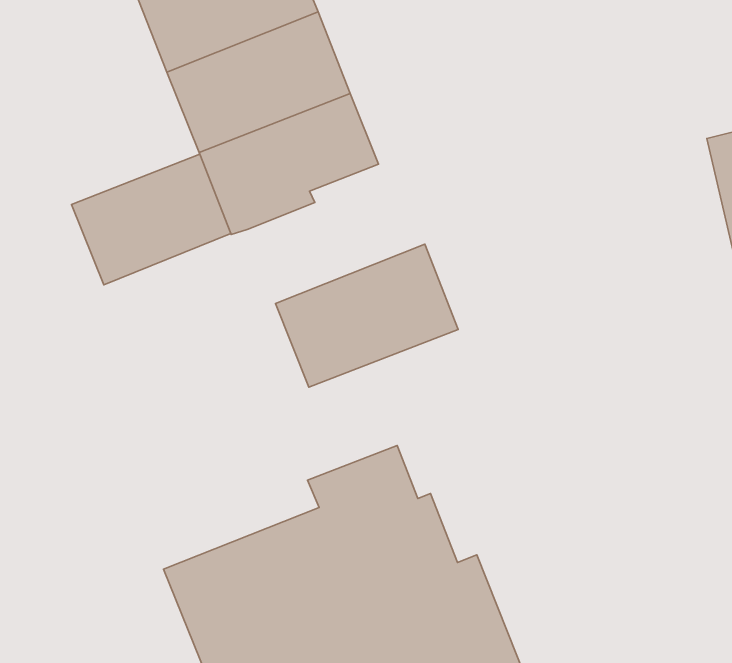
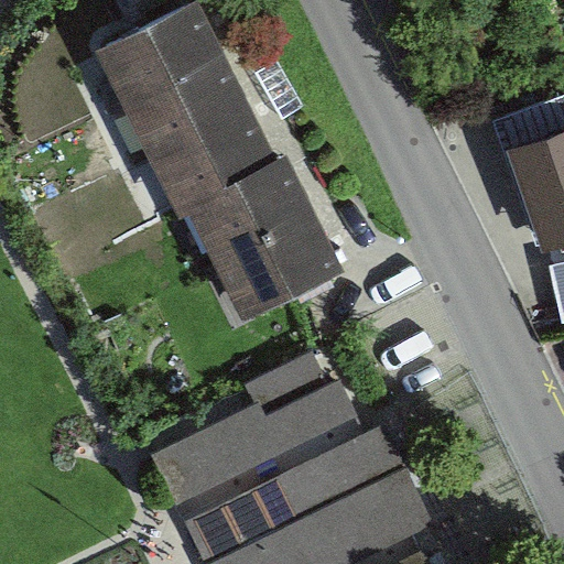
building: [72,154,231,285] -> none
building: none -> [189,156,316,264]

